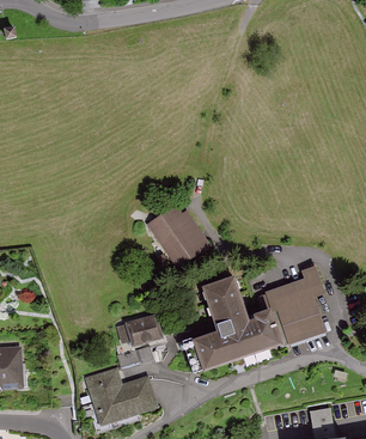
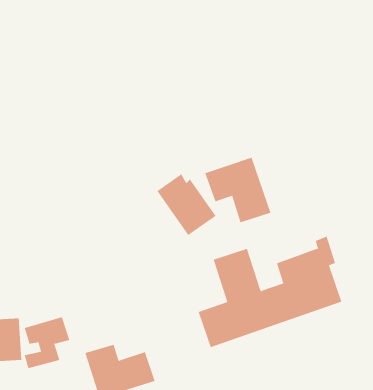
building: none -> [204,157,271,223]
building: [114,316,158,366] -> [24,317,70,369]

